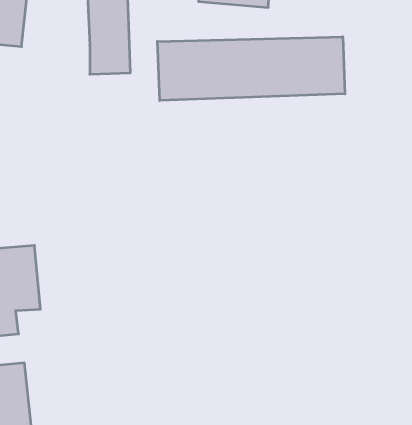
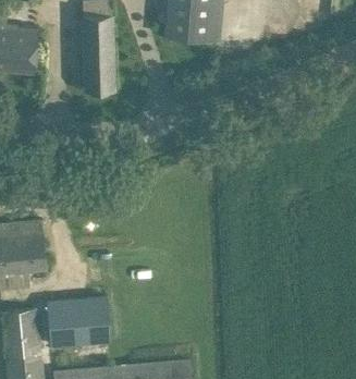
building: [157,37,345,101] -> none
building: none -> [47,296,111,345]

